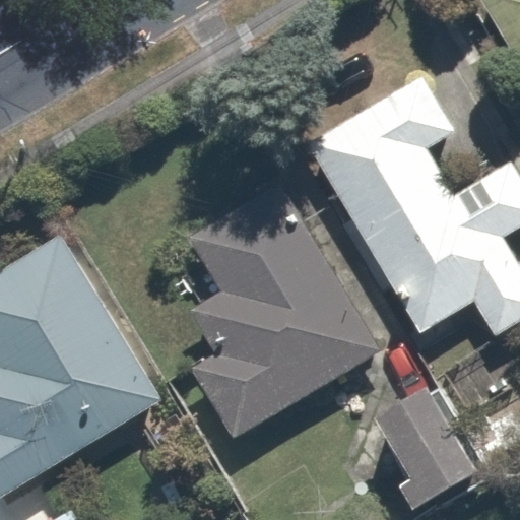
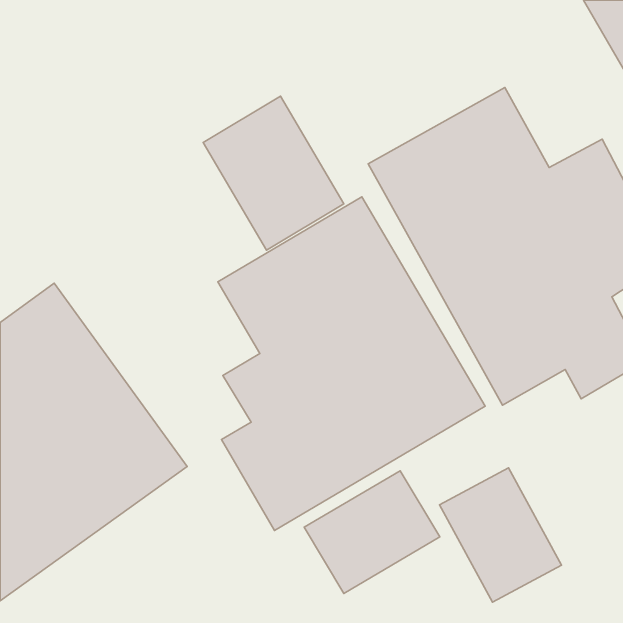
building: none -> [203,96,344,250]
building: none -> [304,471,440,593]

